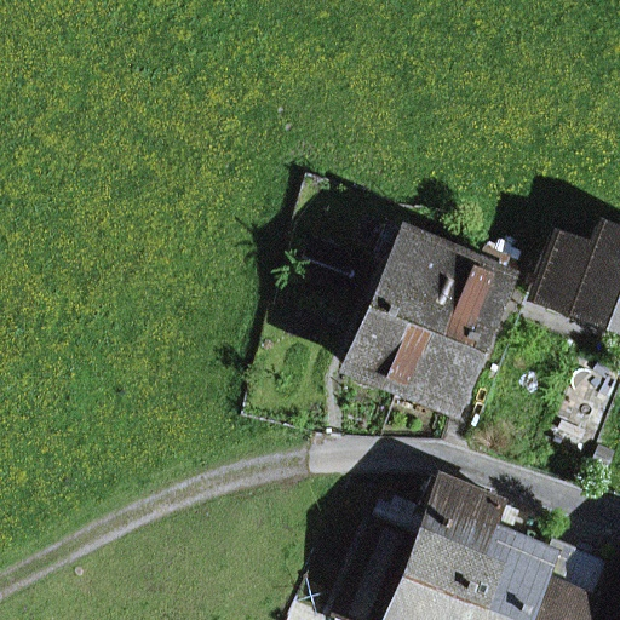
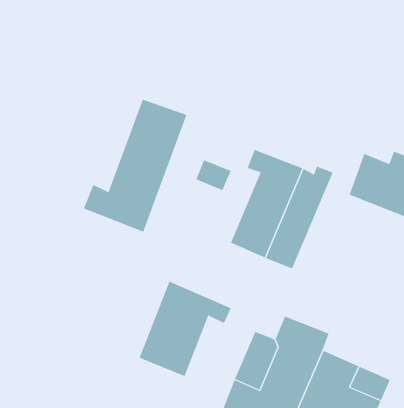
building: none -> [83,99,187,233]
building: none -> [139,281,232,377]

